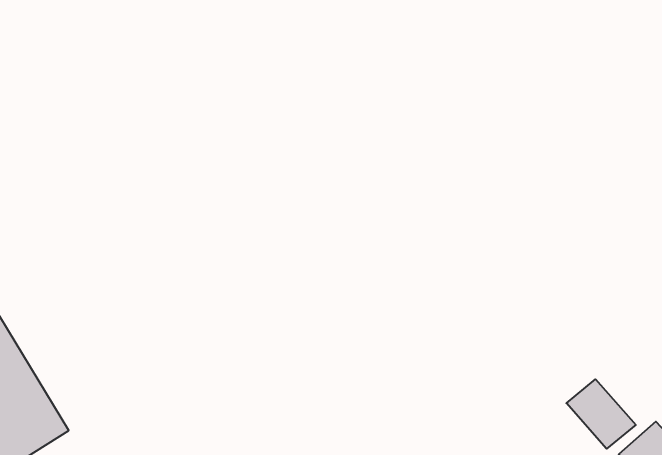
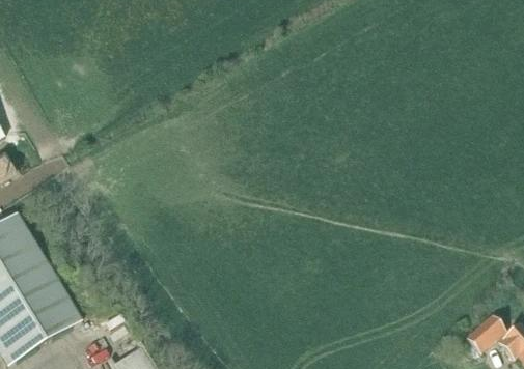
building: [566,379,636,449] -> none

